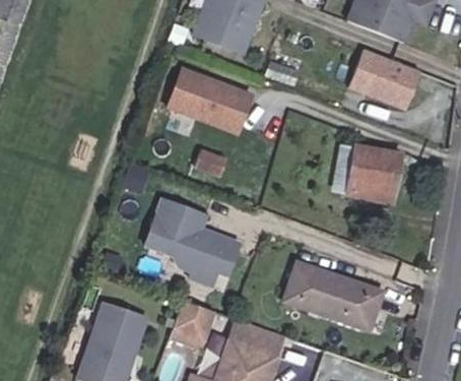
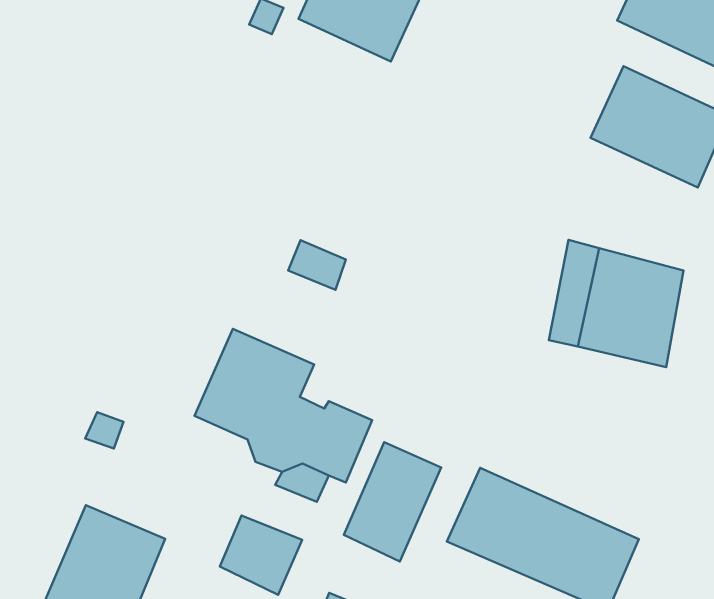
building: [174,63,260,126] -> none
building: none -> [344,442,441,561]

